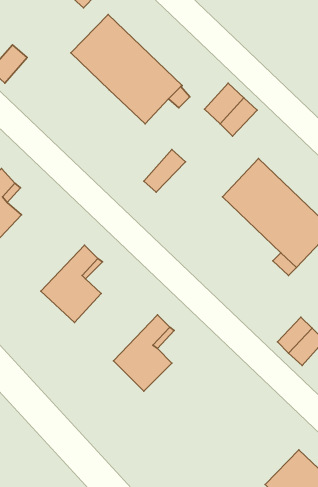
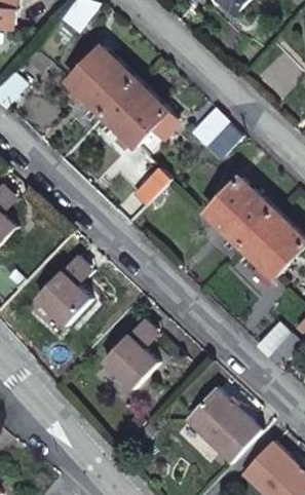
building: none -> [187,389,263,463]

